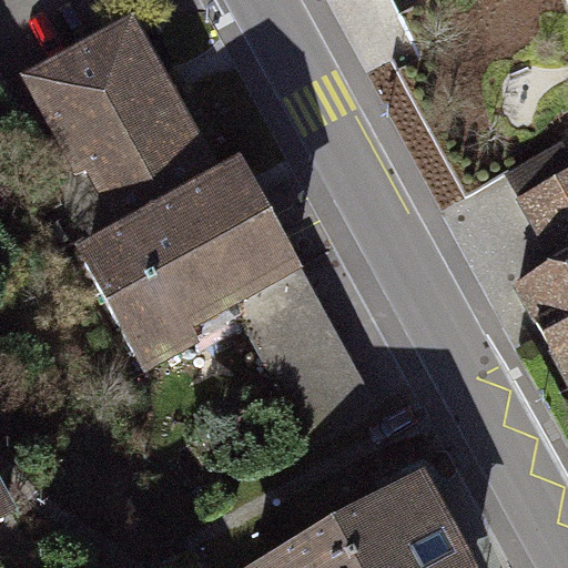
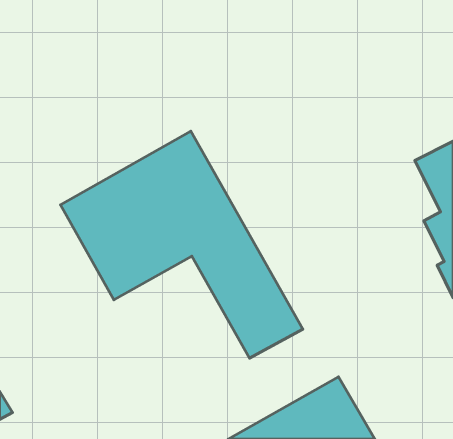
building: [23,17,205,206] -> none

